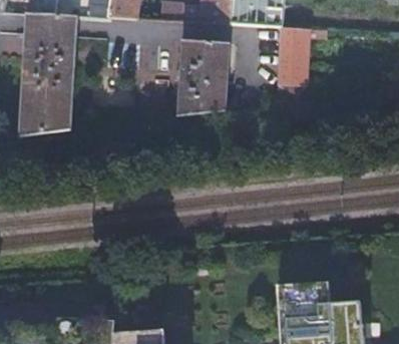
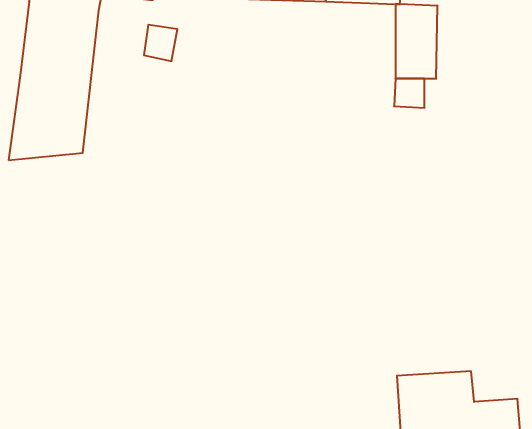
building: [172,40,228,116] -> none

